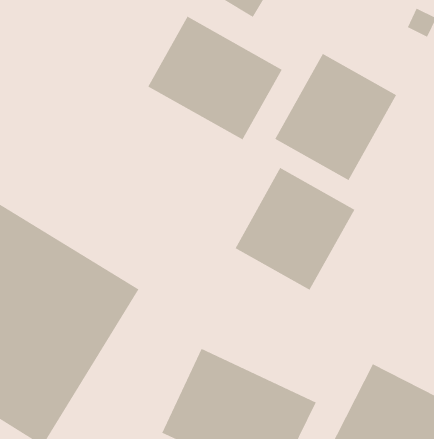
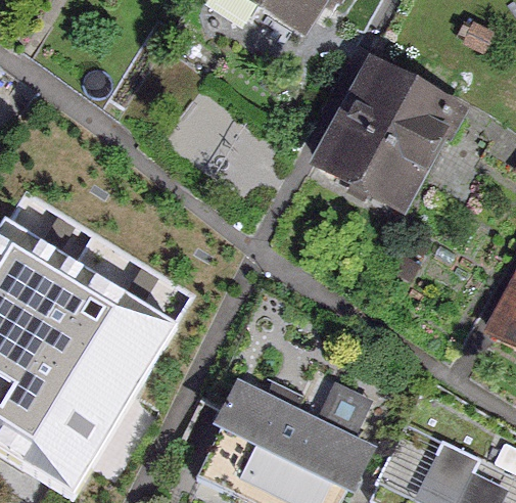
building: [147,16,283,141] -> none
building: [234,167,355,291] -> none

